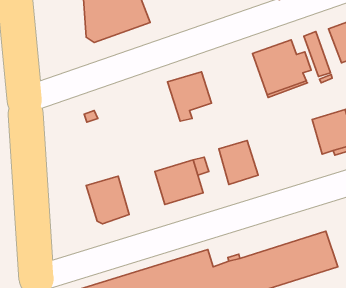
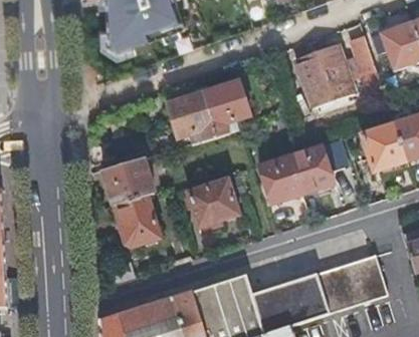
building: none -> [165,91,215,139]
building: none -> [288,140,344,194]
building: none -> [101,156,154,205]

